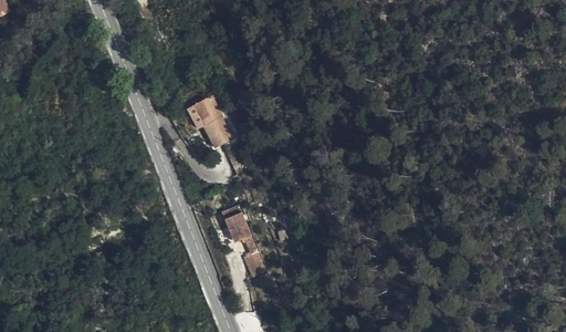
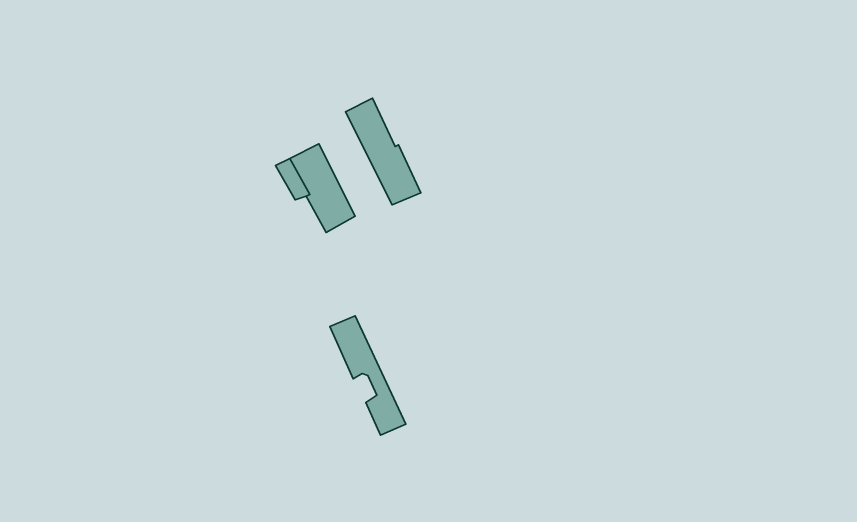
building: none -> [345,98,421,205]

